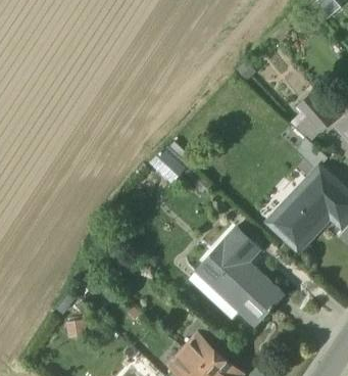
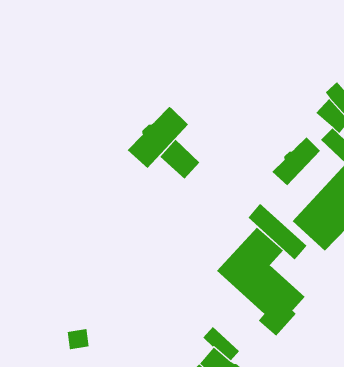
building: none -> [127,106,189,169]
building: none -> [272,136,321,186]
building: [189,267,243,319] -> [247,203,307,260]

